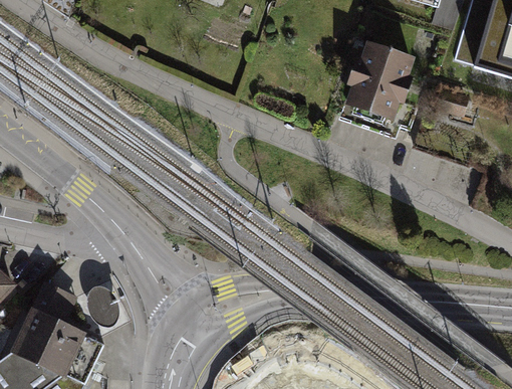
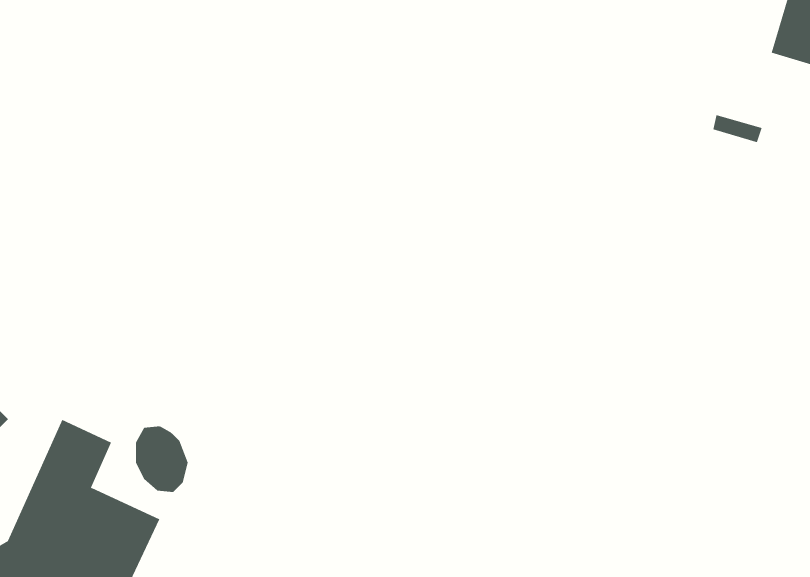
building: [346,41,423,124] -> none

